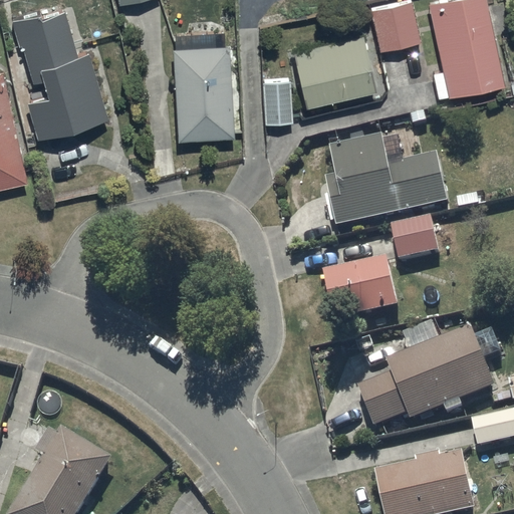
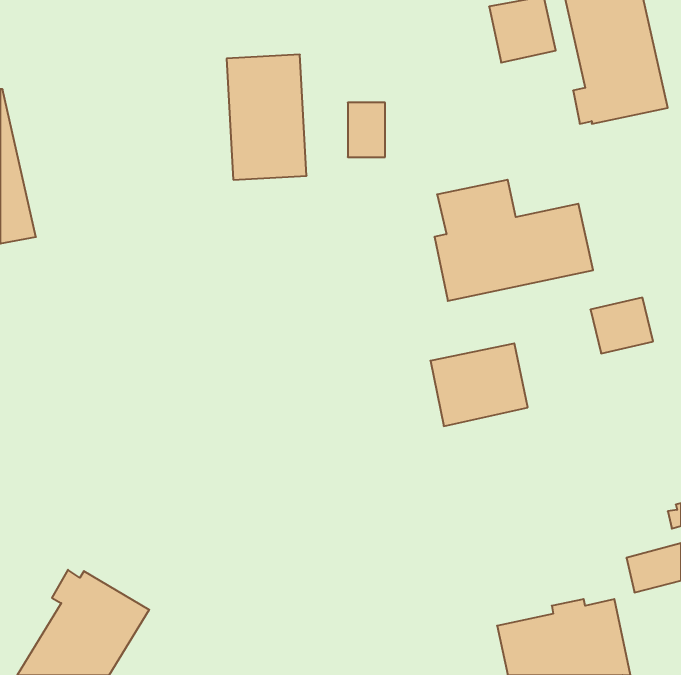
building: [11,6,108,135] -> none
building: [291,31,372,102] -> none
building: [392,218,439,260] -> [590,298,653,353]
building: [357,328,494,428] -> none

